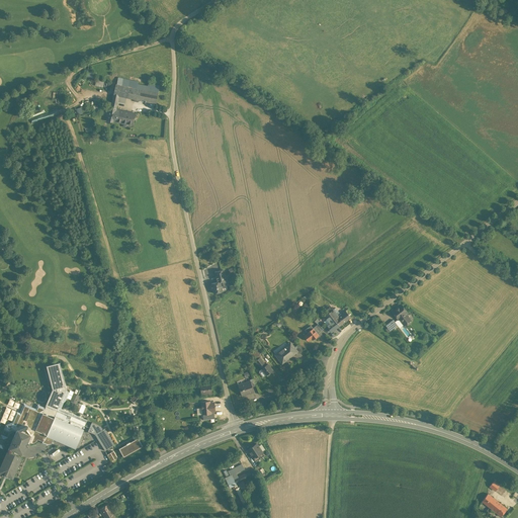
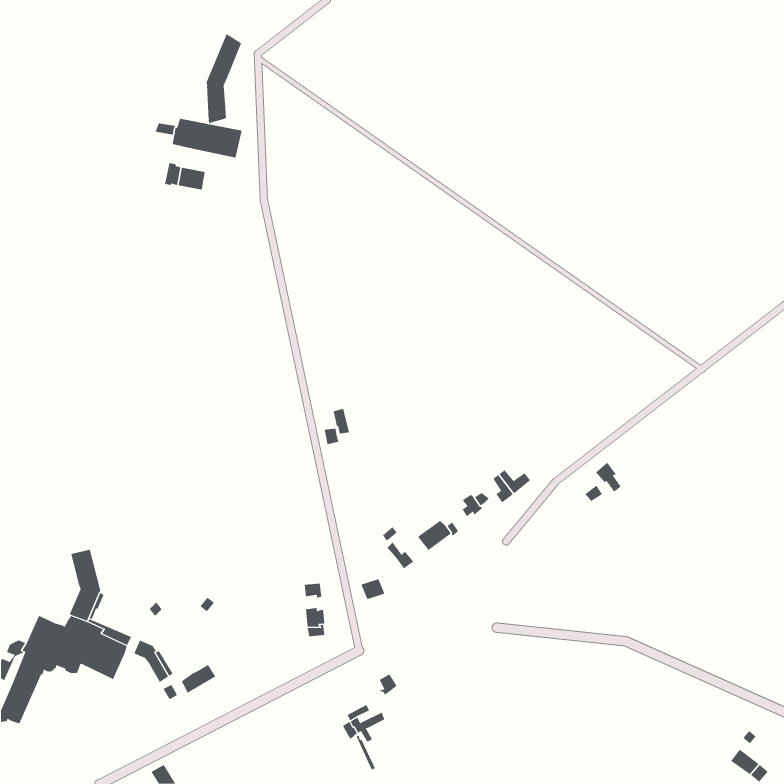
building: none -> [206,33,242,124]

